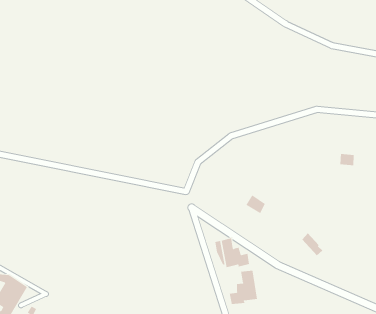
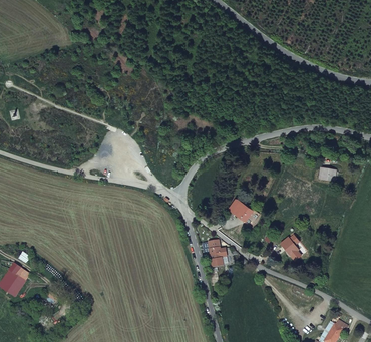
building: [229,270,258,305] -> none

